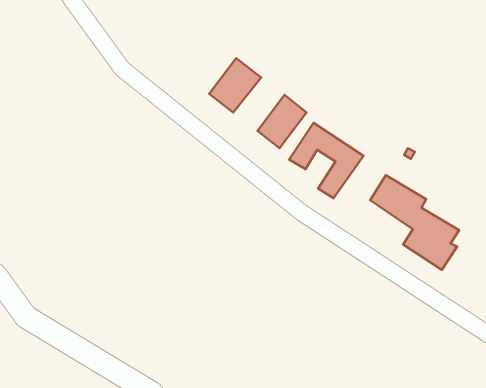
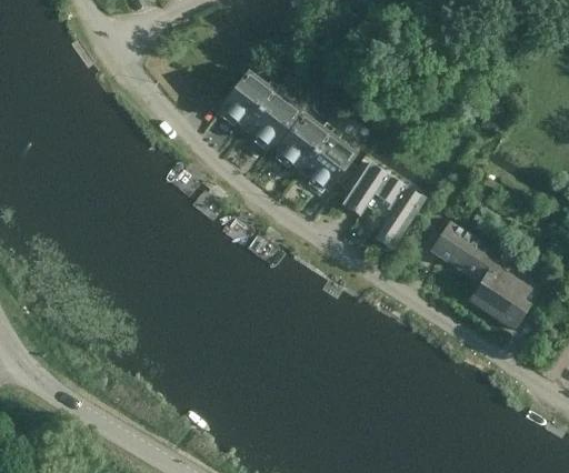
building: none -> [220,69,277,129]
building: none -> [273,110,332,171]

